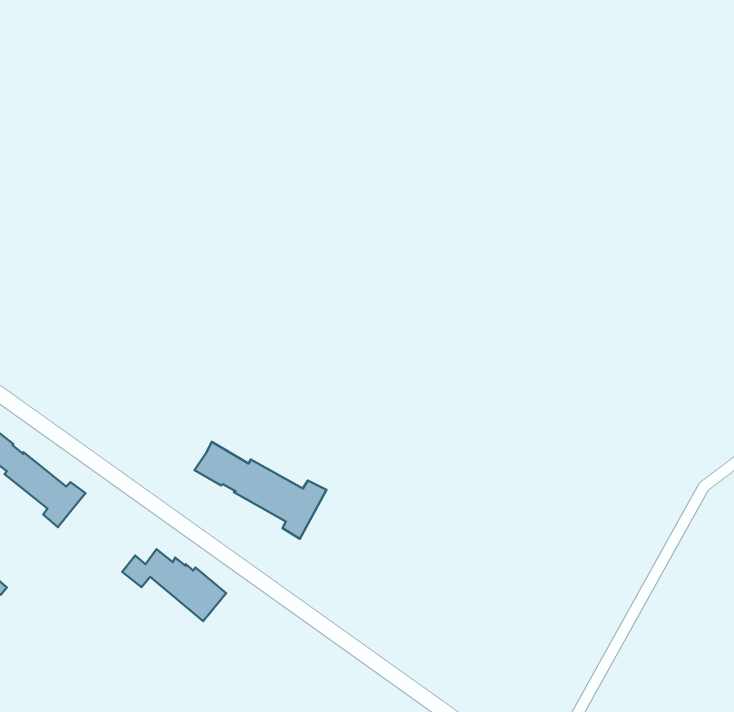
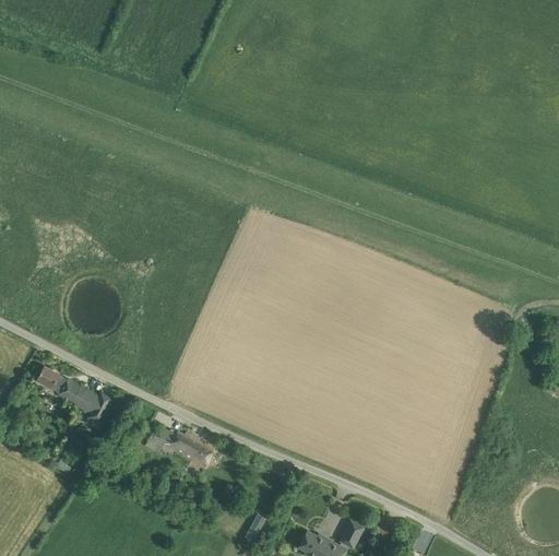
building: [195,442,326,539] -> none

